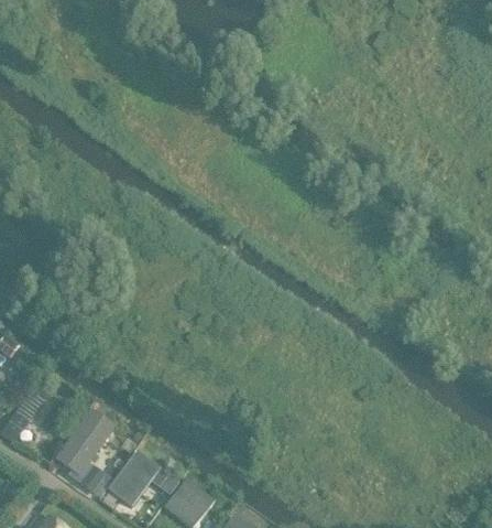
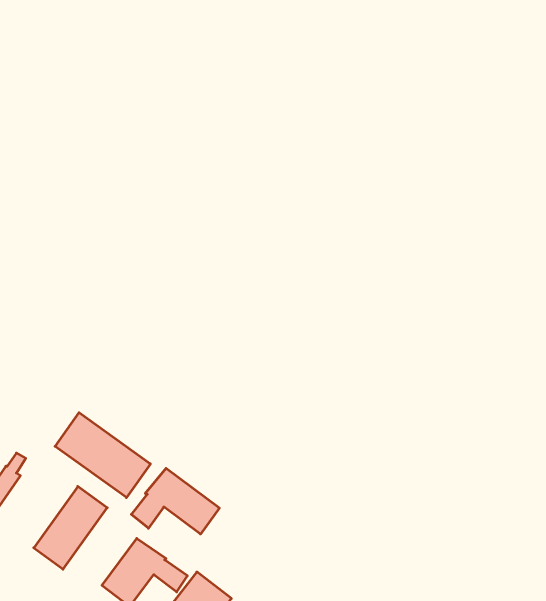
building: none -> [55,413,150,498]
building: none -> [131,468,219,534]

